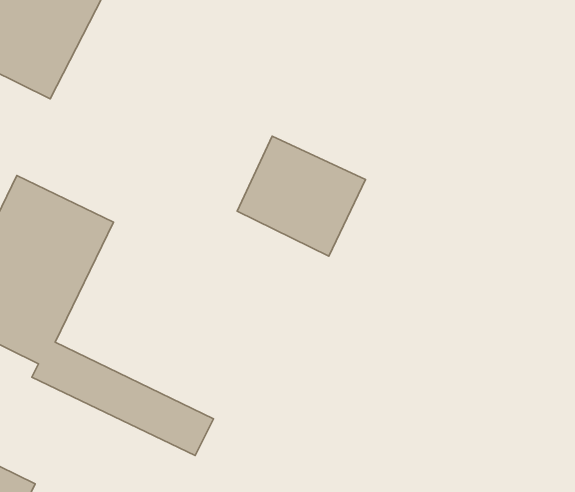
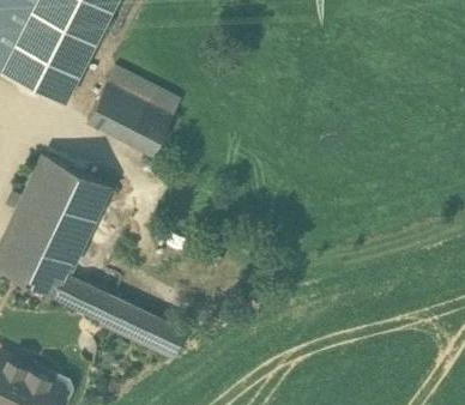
building: [237,136,366,256] -> [89,65,181,151]

